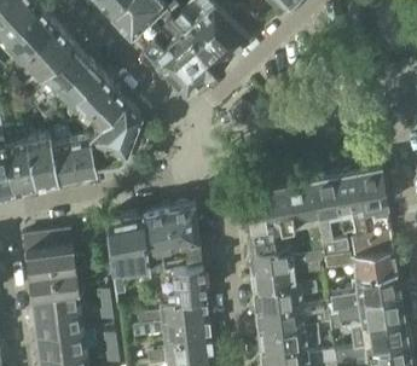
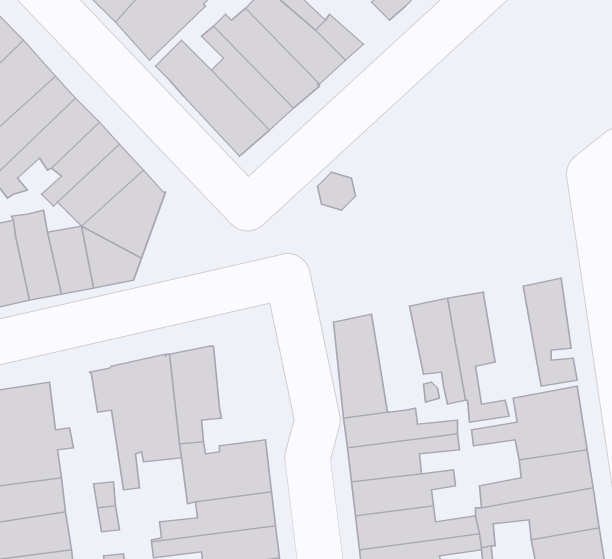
building: [334,174,369,237] -> none
building: [266,186,297,250] -> none
building: [170,204,202,265] -> none

